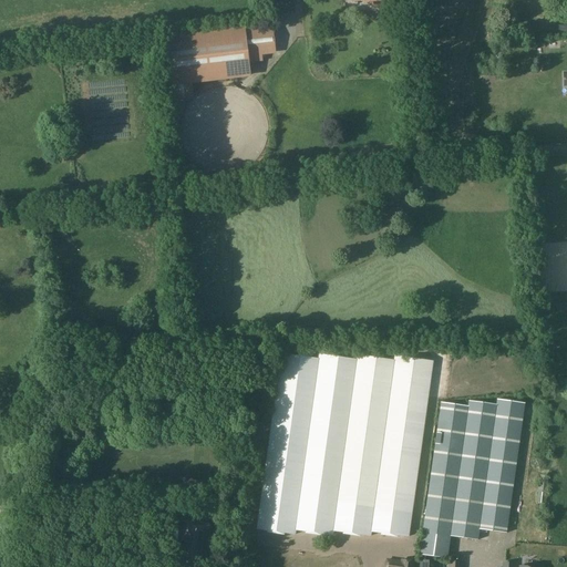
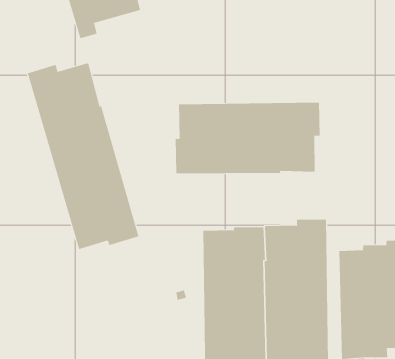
building: none -> [27,63,141,250]
building: none -> [171,102,320,174]

